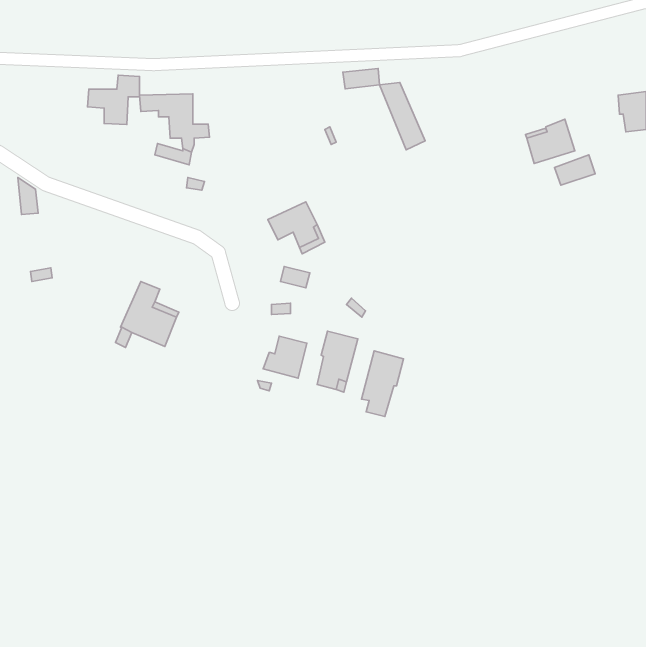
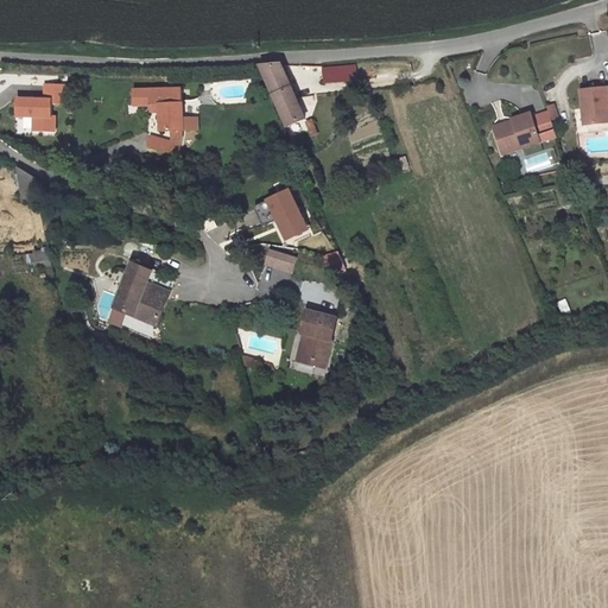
building: [88,75,140,125] -> [17,83,65,129]
building: [379,82,425,150] -> [260,63,303,126]
building: none -> [528,107,556,141]
building: [263,336,307,378] -> none
building: [361,351,404,417] -> none

